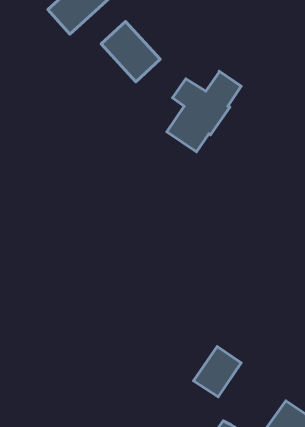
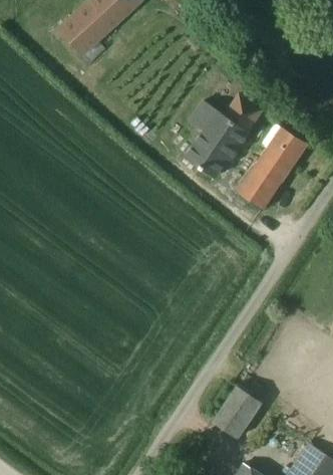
building: [101,21,160,82] -> none
building: none -> [236,127,306,211]

